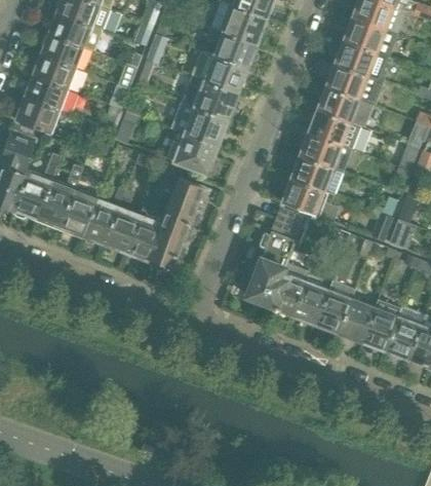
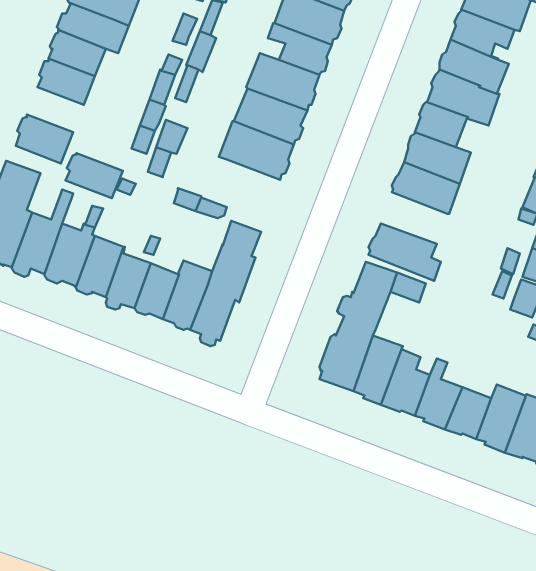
building: [26,76,69,110] -> [66,153,123,198]
building: [166,130,217,173] -> none
building: [292,155,343,194] -> none

